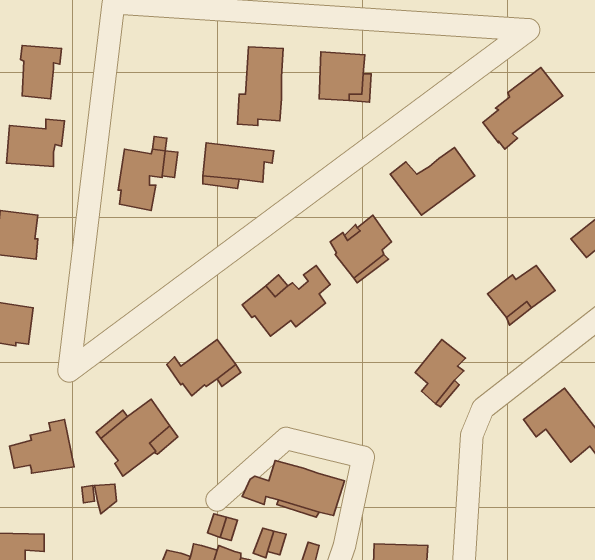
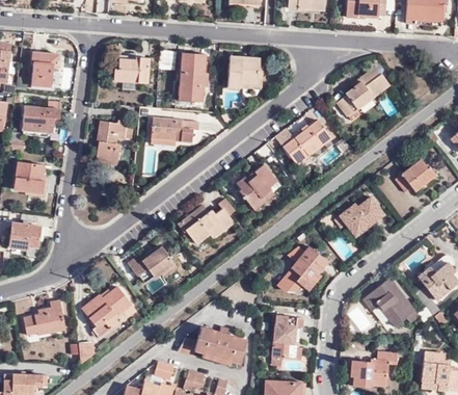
building: none -> [113,57,150,84]
building: none -> [271,315,303,363]
building: none -> [350,351,398,388]

